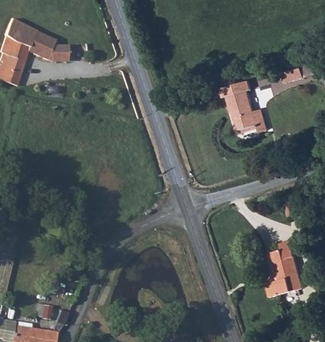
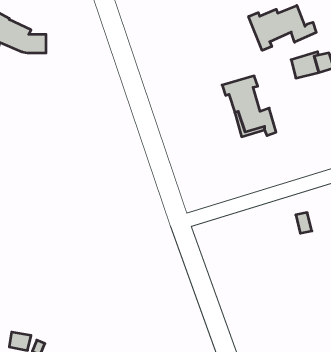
building: none -> [249,5,316,50]
building: [266,240,303,296] -> none

